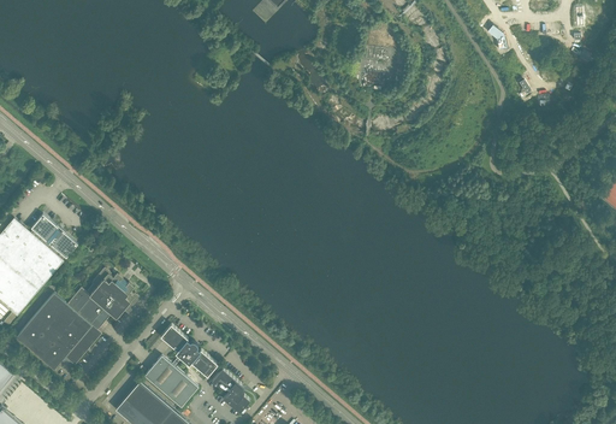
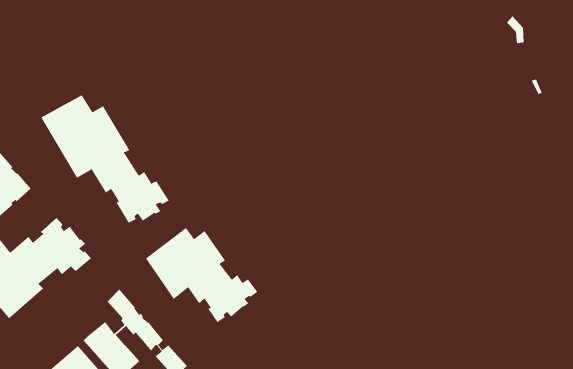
building: none -> [41,95,170,224]
building: none -> [145,227,258,323]

